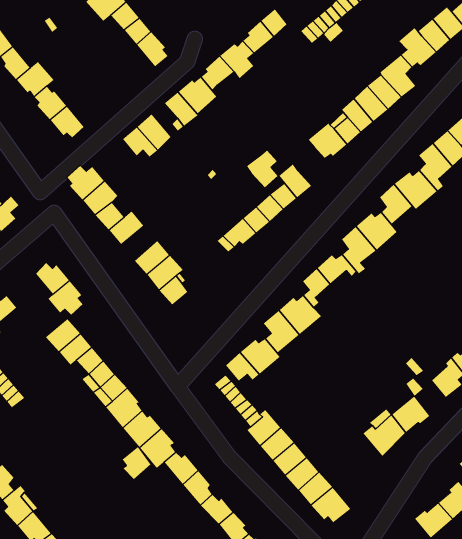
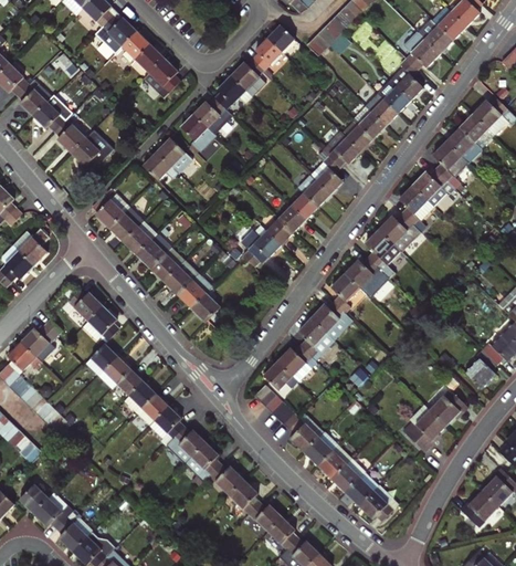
building: [246,150,278,188] -> [310,156,343,193]
building: none -> [150,247,186,282]
building: [122,446,151,480] -> none

